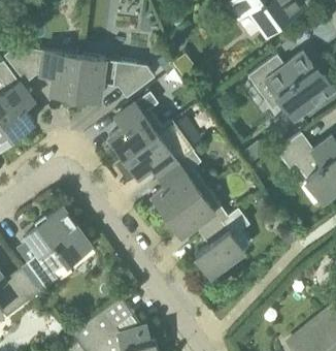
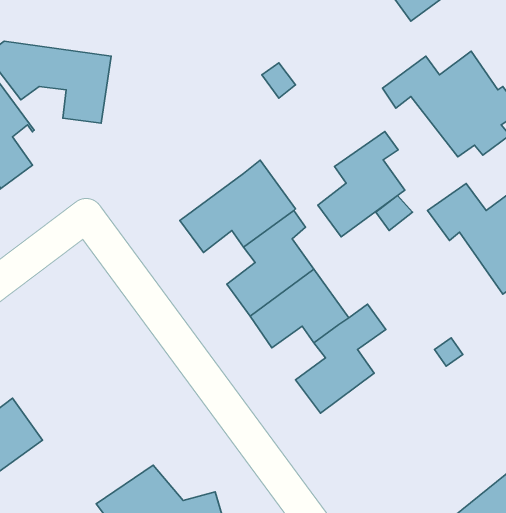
building: [75,57,156,101] -> none
building: [109,93,163,158] -> [318,131,405,237]
building: [25,206,91,288] -> none

